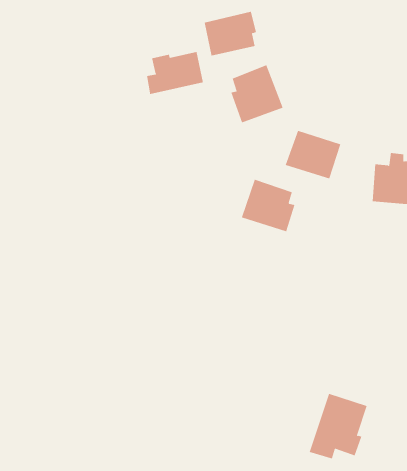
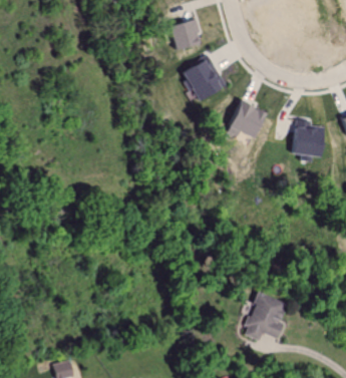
building: [146,51,204,95] -> none
building: [241,179,295,232] -> none

